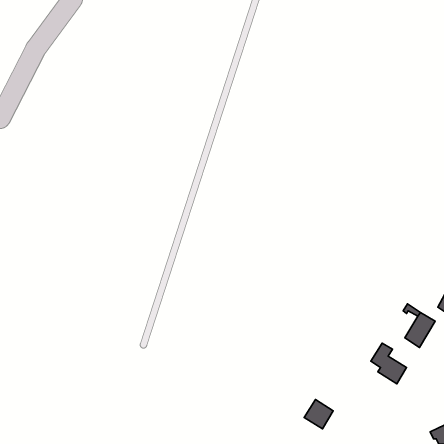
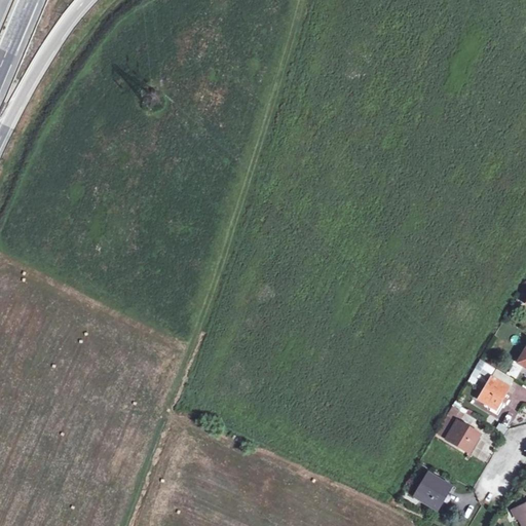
building: [304,399,333,429] -> [414,474,448,509]

